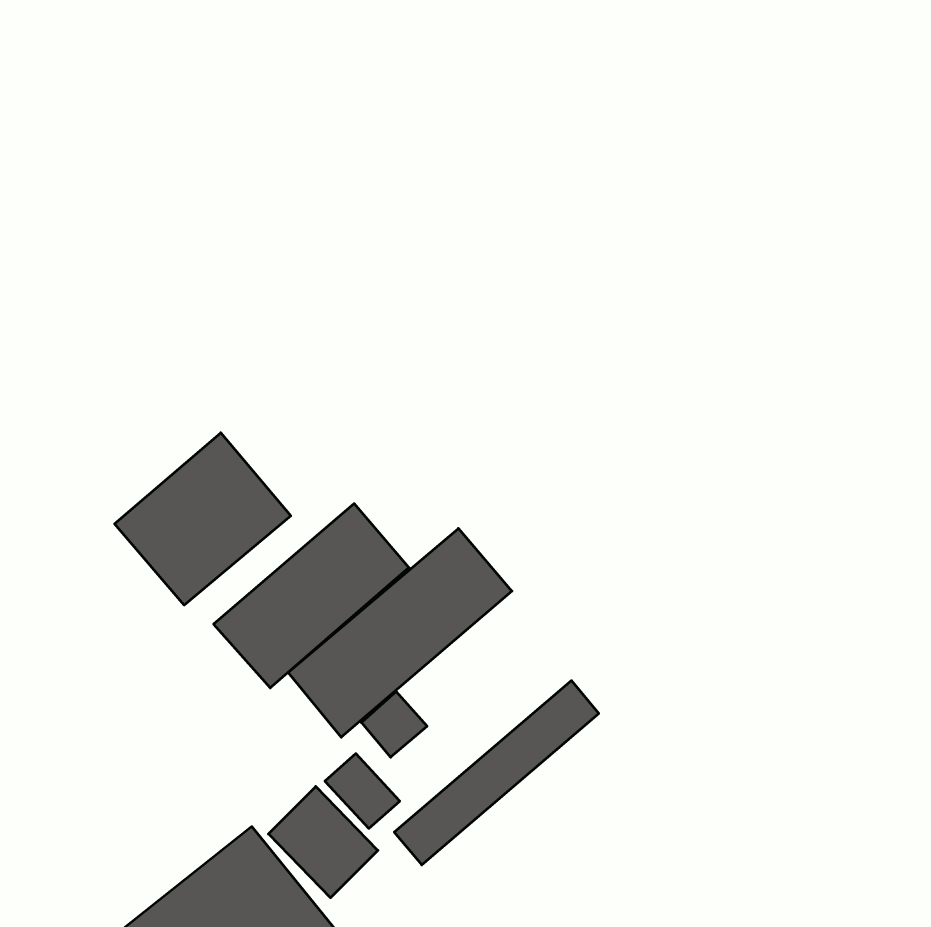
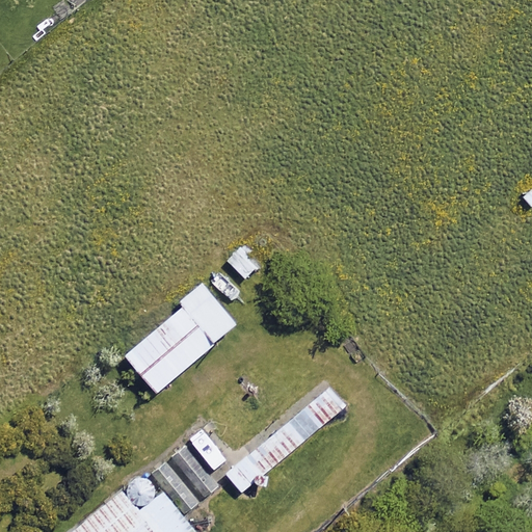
building: [115,433,291,605] -> none
building: [288,528,512,737] -> none

